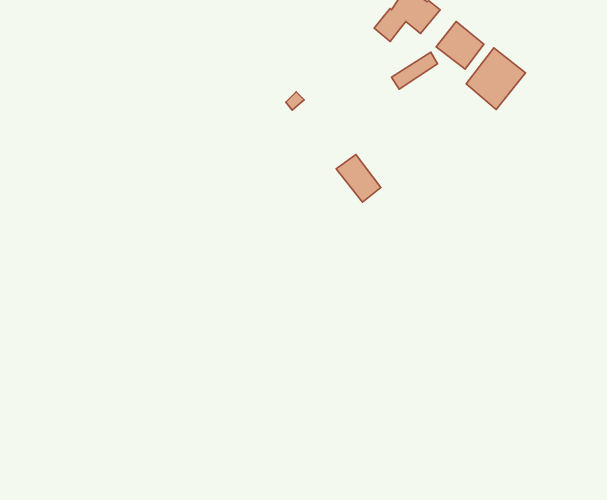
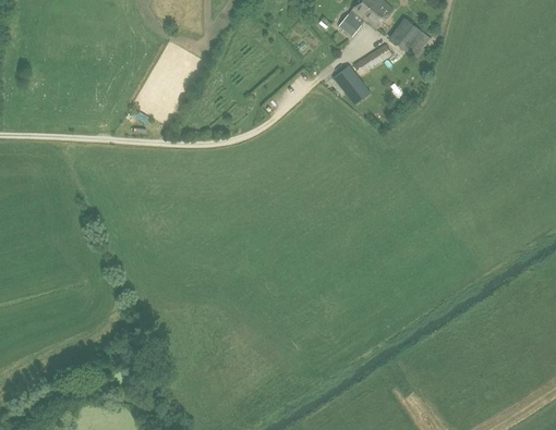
building: [466,48,526,109] -> none
building: [336,154,381,202] -> [333,64,370,103]

